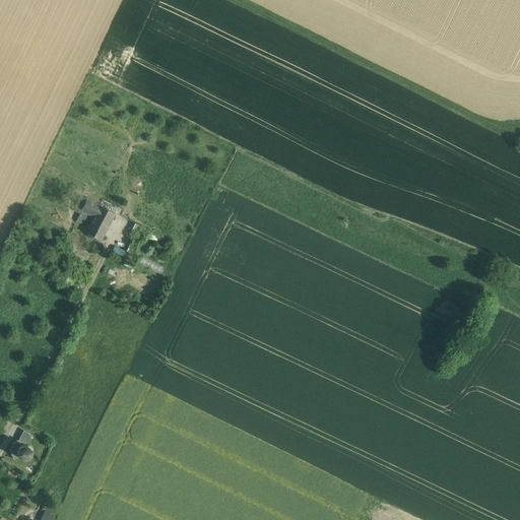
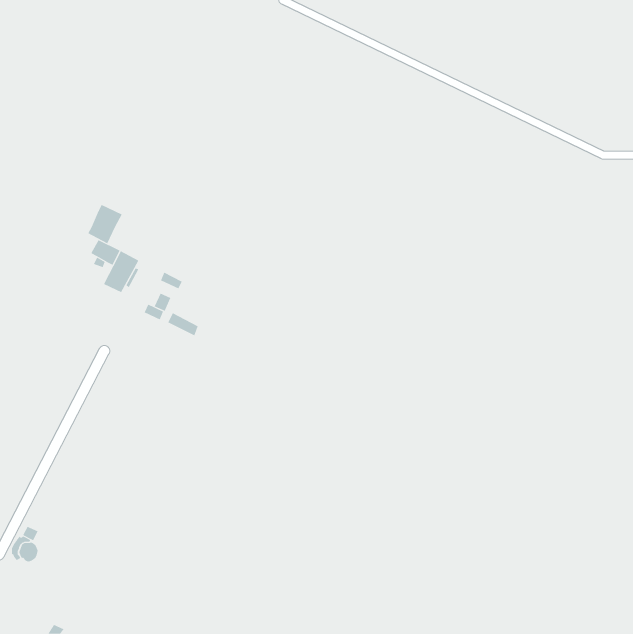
building: none -> [88,204,122,244]

